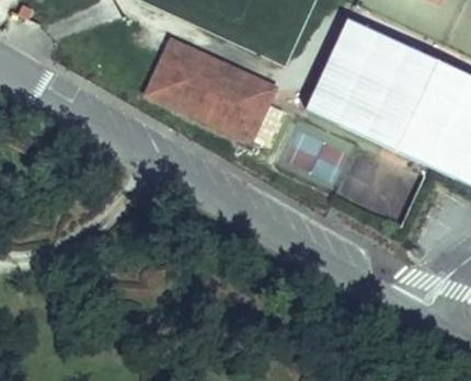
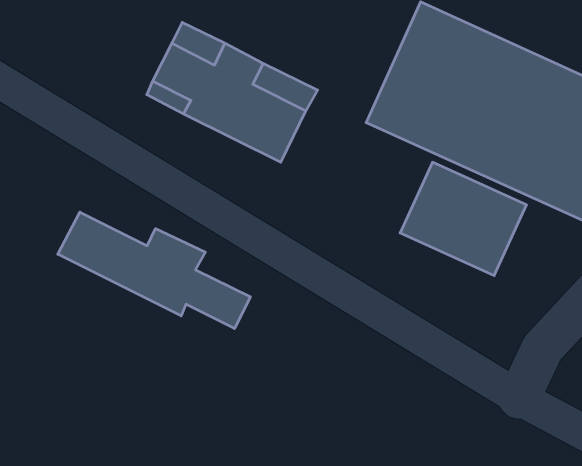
building: none -> [58,212,250,329]

